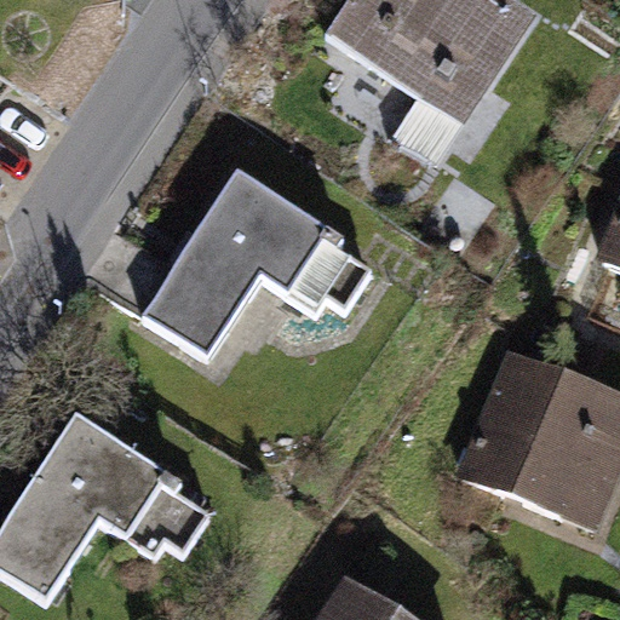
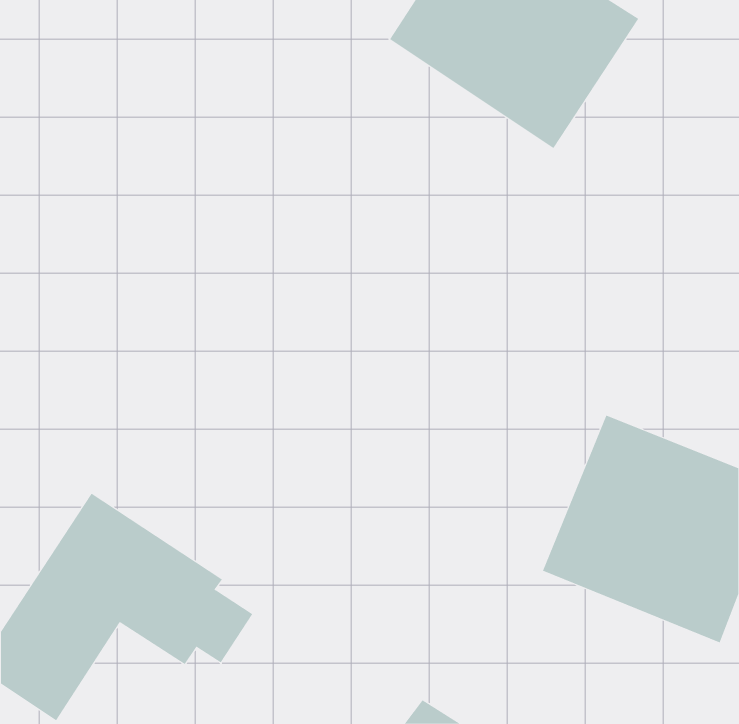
building: [140,167,372,357] -> none

